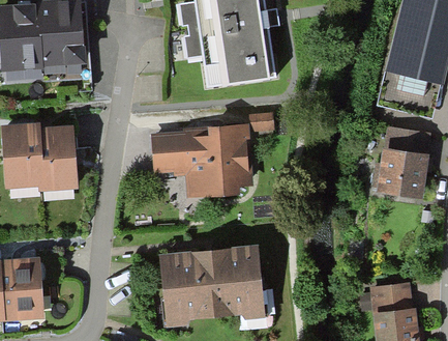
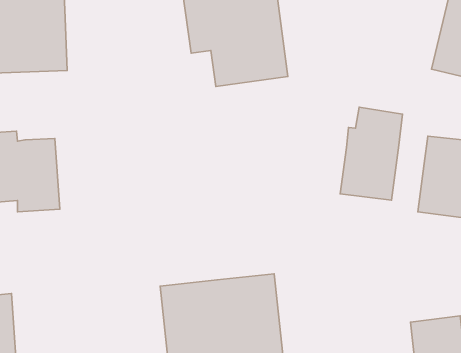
building: none -> [340,107,402,200]
building: [150,122,253,194] -> none

